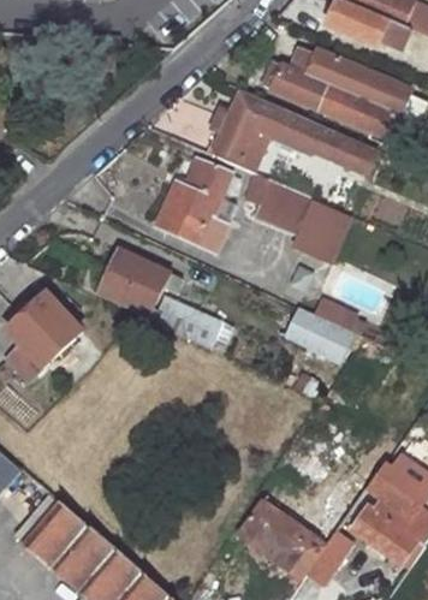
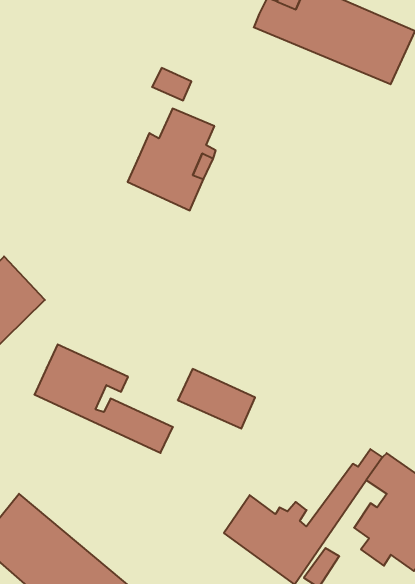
building: [209,88,376,171] -> none
building: [244,173,347,261] -> none
building: [97,249,220,345] -> [34,344,173,453]
building: [285,307,353,360] -> [178,369,255,429]

